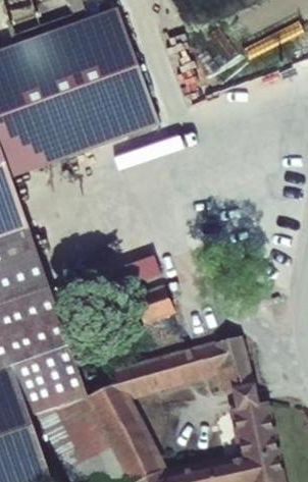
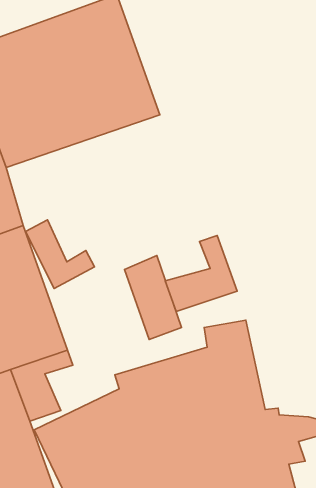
building: none -> [25,220,94,288]
building: none -> [165,236,237,311]
building: [49,360,88,403] -> none

